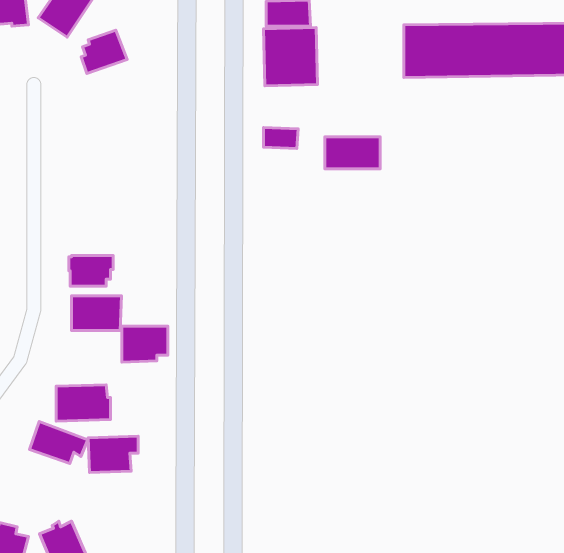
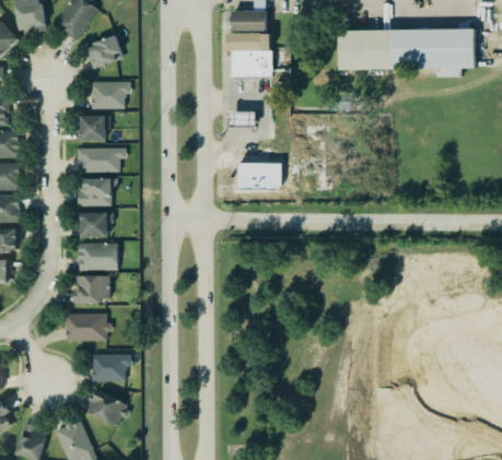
building: none -> [91,81,130,108]
building: none -> [77,115,109,139]
building: [325,137,380,169] -> [240,164,283,189]
building: none -> [77,148,125,172]
building: none -> [78,178,116,205]
building: [122,326,168,362] -> [75,276,112,305]
building: [29,422,88,463] -> [87,392,133,425]

